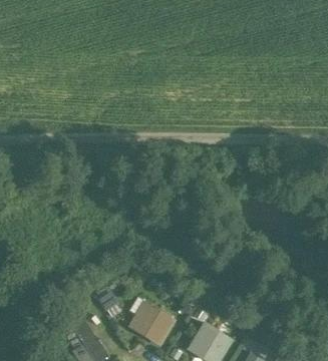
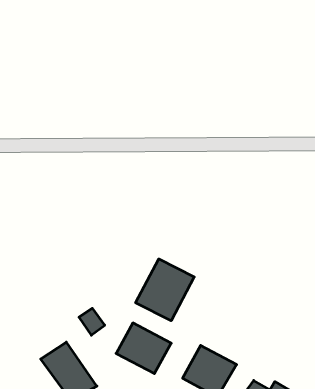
building: none -> [136,259,194,321]

